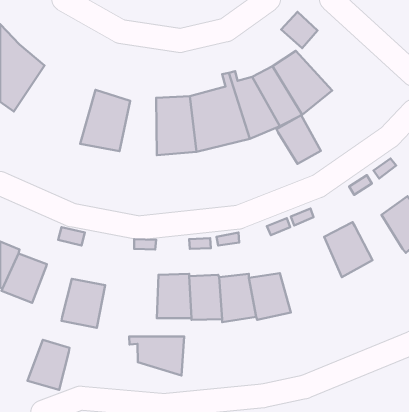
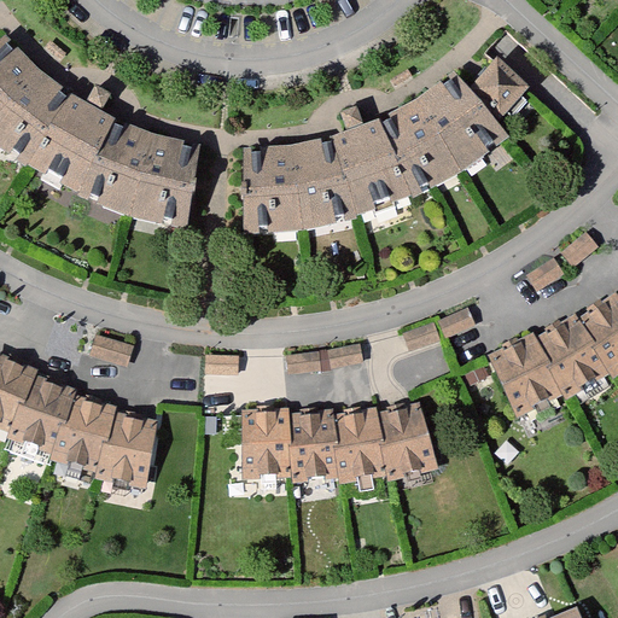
building: [281,12,318,48] -> [467,63,521,117]
building: none -> [27,86,148,215]
building: [276,115,321,164] -> none
building: none -> [536,315,607,398]
building: [129,336,184,376] -> none
building: [27,340,70,390] -> [52,398,115,473]

